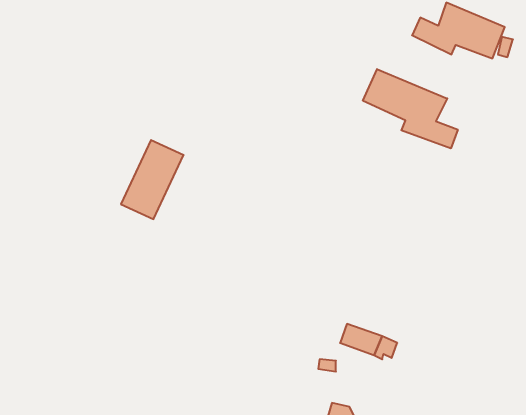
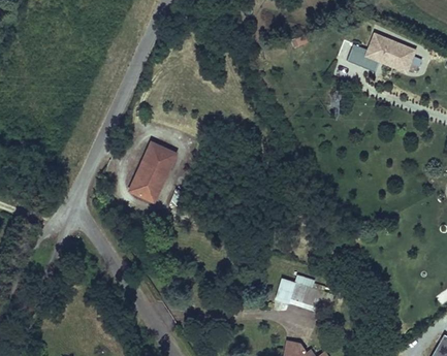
building: [363,69,458,148] -> none

